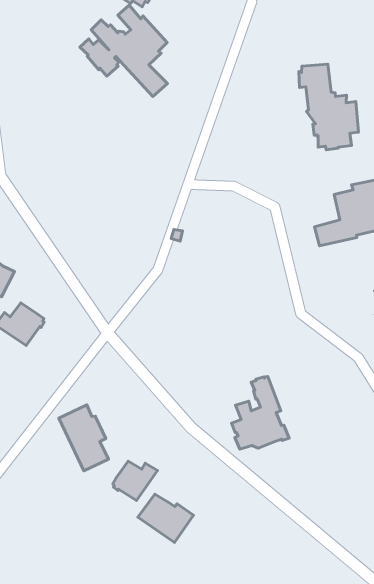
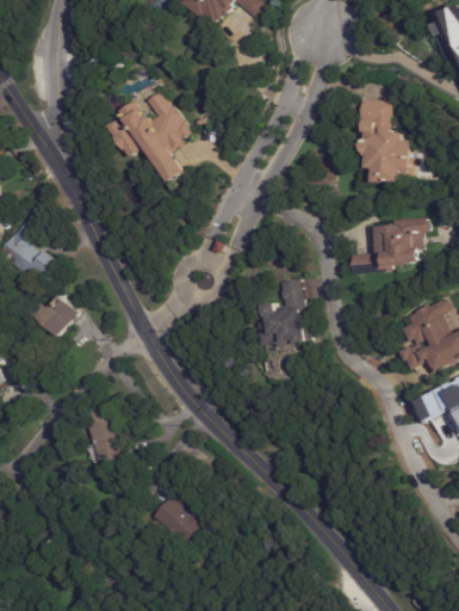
building: [80,5,167,96] -> [106,93,191,184]
building: [232,377,289,449] -> [256,277,310,345]
building: [113,461,157,501] -> none

